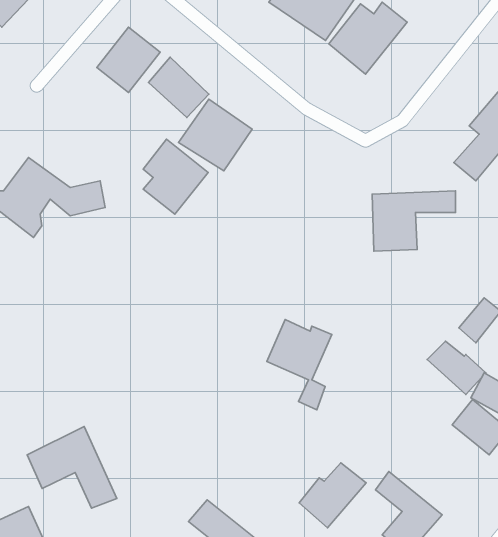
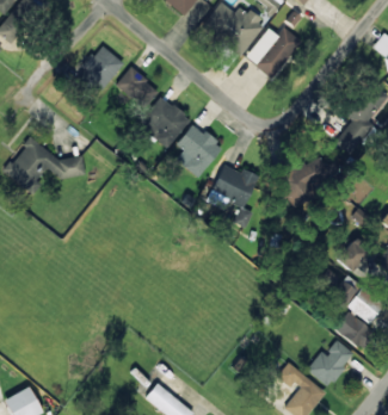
building: [143,139,208,214] -> [175,123,222,176]
building: [267,320,332,410] -> [210,163,257,228]
building: [27,426,117,508] -> none
building: [299,463,366,528] -> [307,340,355,386]

